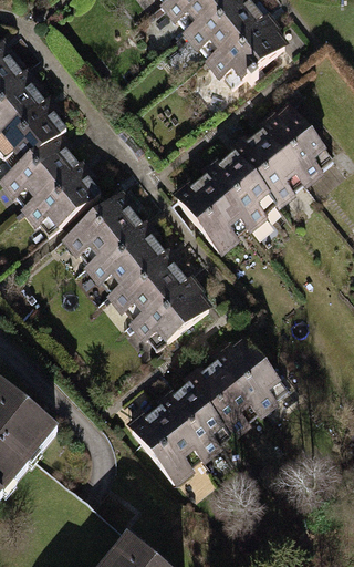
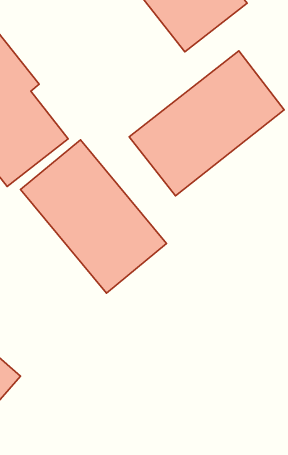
building: [128,337,290,482] -> none

